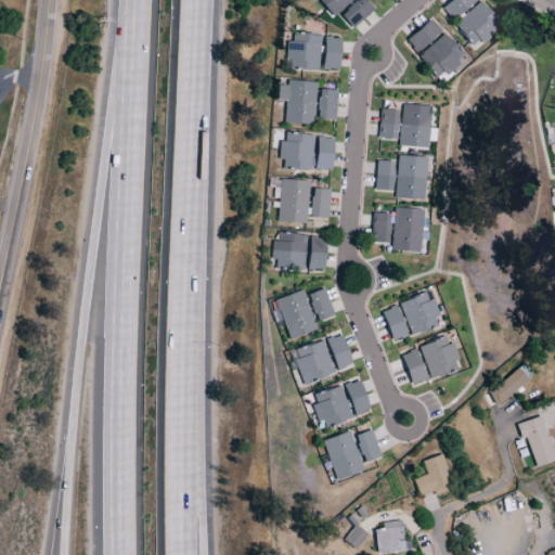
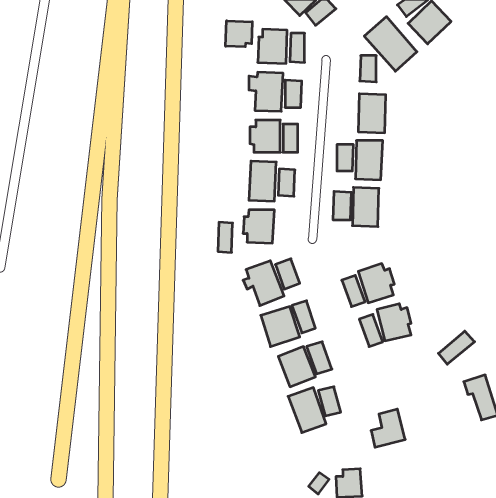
building: none -> [226,21,252,47]
building: [380,109,399,139] -> [360,56,376,82]
building: [310,236,326,270] -> [218,222,233,252]

